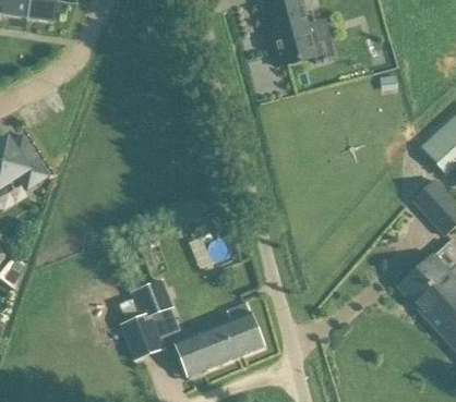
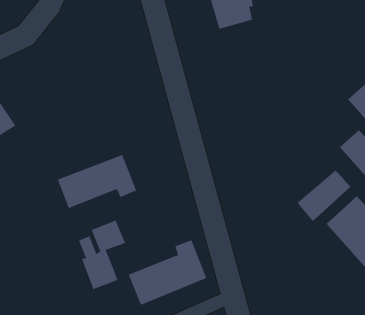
building: none -> [57,154,137,209]
building: none -> [297,169,351,222]

